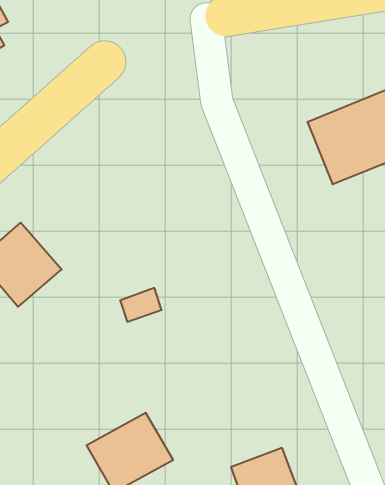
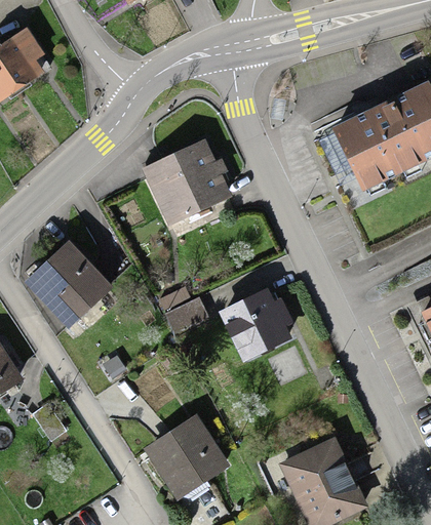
building: none -> [145,145,231,224]
building: none -> [219,287,290,356]

